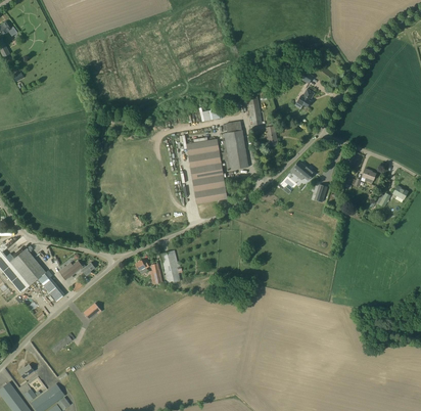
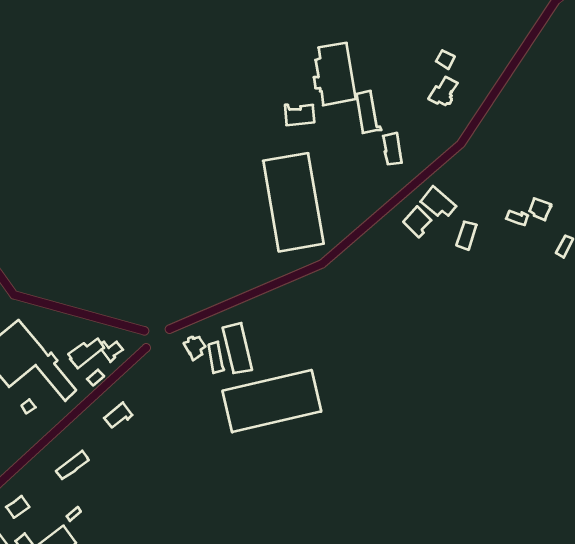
building: [221,129,248,170] -> [314,43,356,105]
building: none -> [223,370,321,432]

